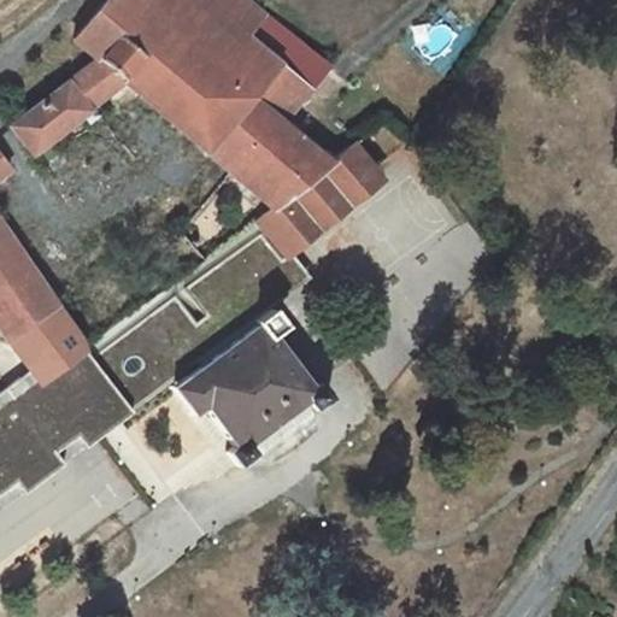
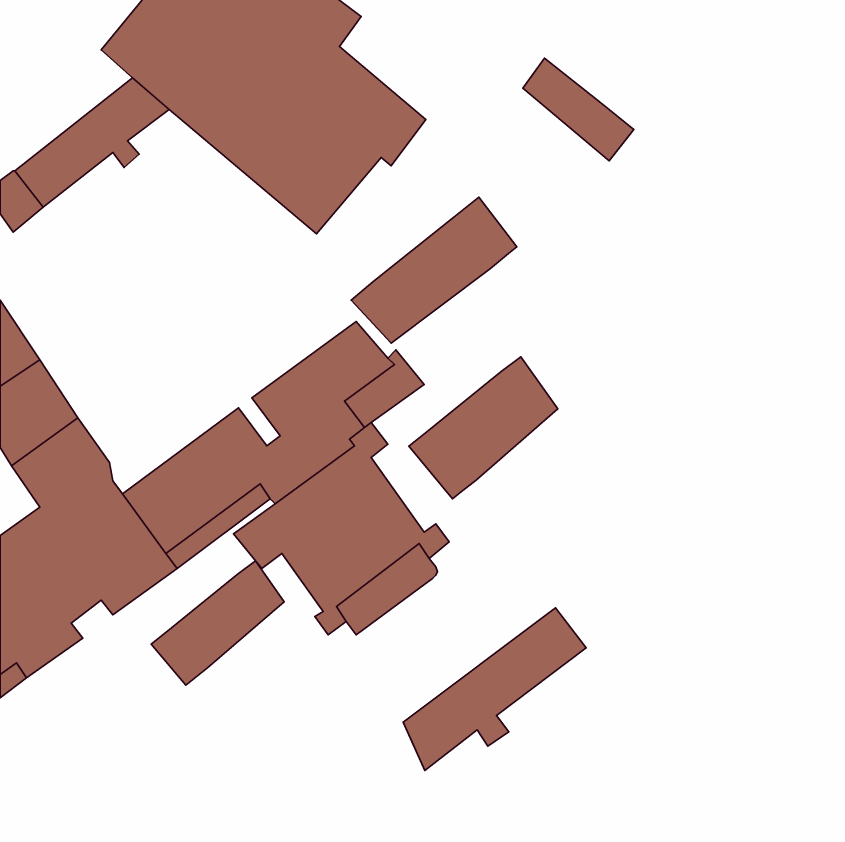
building: [248,12,329,87] -> [523,58,634,161]
building: [231,114,331,205] -> none
building: none -> [409,357,558,499]
building: none -> [151,561,284,685]
building: none -> [403,608,586,770]

